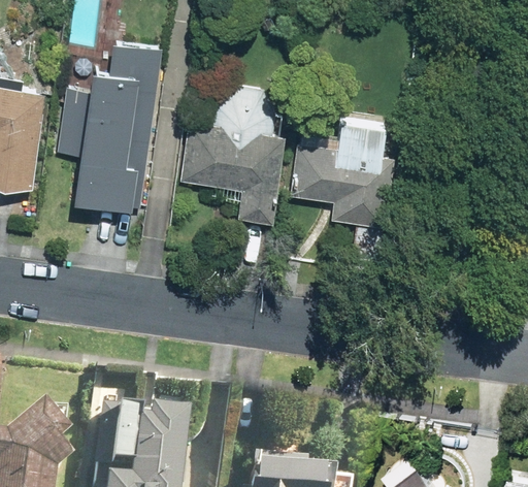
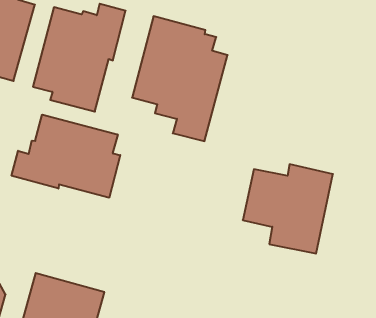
building: [293,123,393,226] -> [243,164,333,254]
building: none -> [12,115,120,198]

